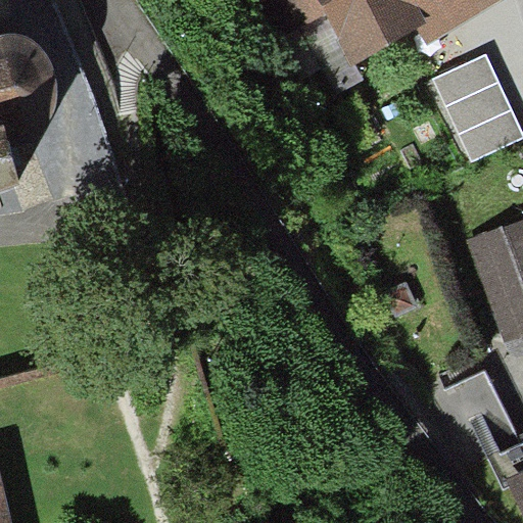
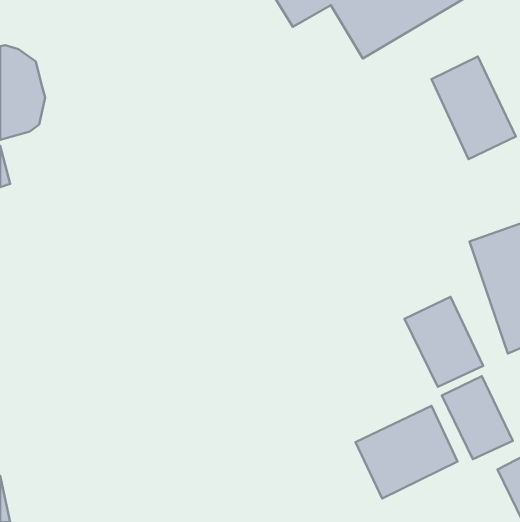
building: none -> [404,297,483,387]
building: none -> [355,406,457,498]

